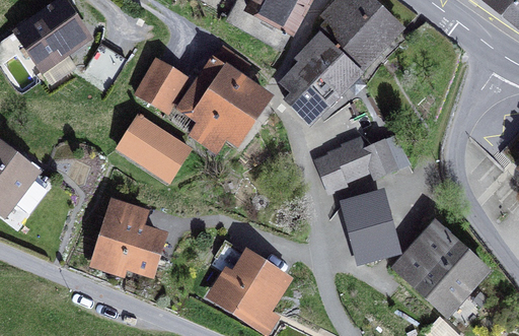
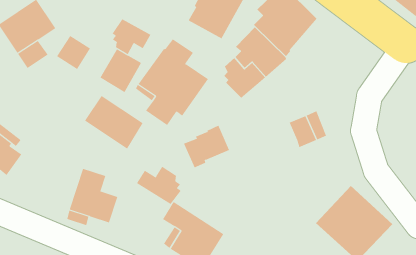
building: none -> [112,19,151,55]
building: [315,139,371,191] -> [183,125,230,168]
building: [346,196,394,259] -> none
building: none -> [136,166,181,205]

